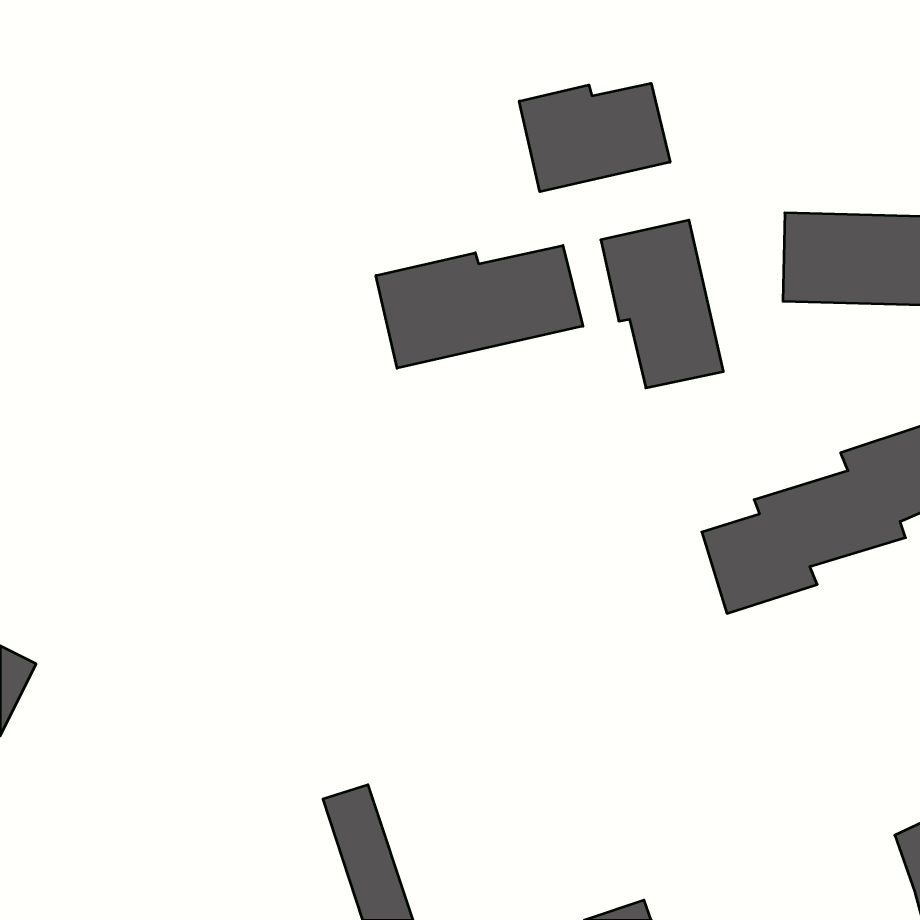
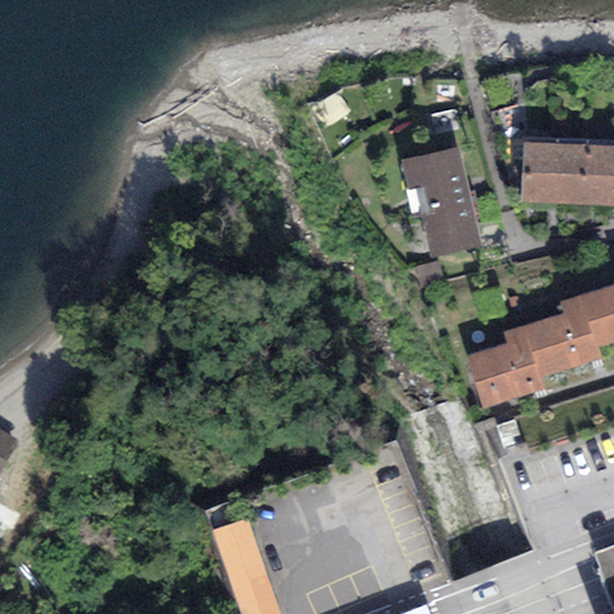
building: [519,83,670,192] -> none
building: [376,245,583,368] -> none

